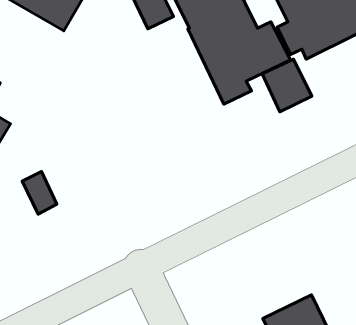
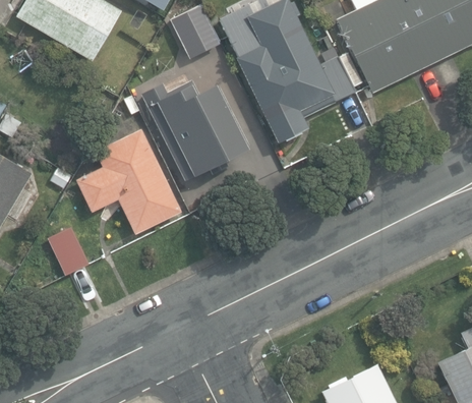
building: none -> [145,82,249,180]
building: [262,59,312,112] -> none
building: none -> [76,129,181,234]

